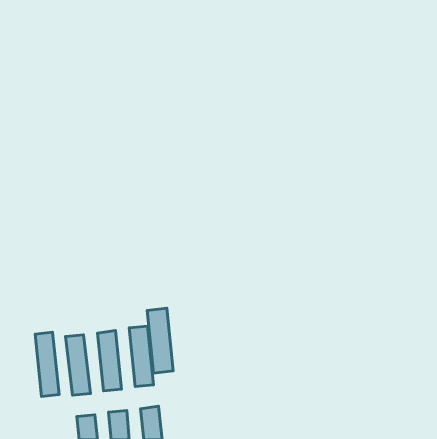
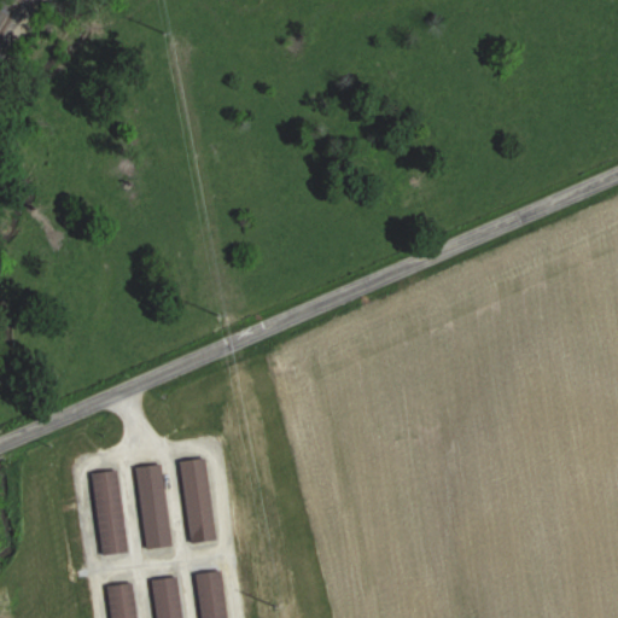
building: [147,308,173,373] -> none
building: [35,332,59,397] -> none

